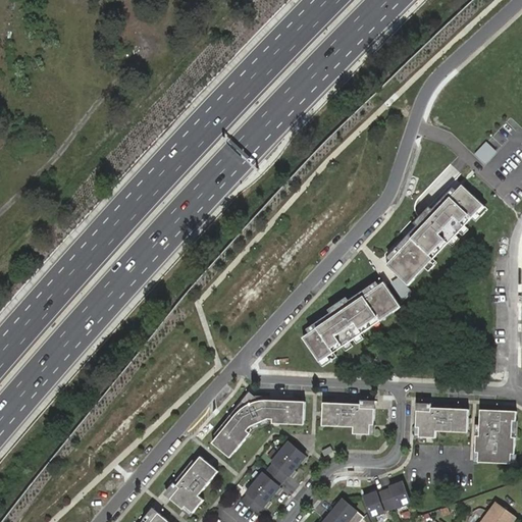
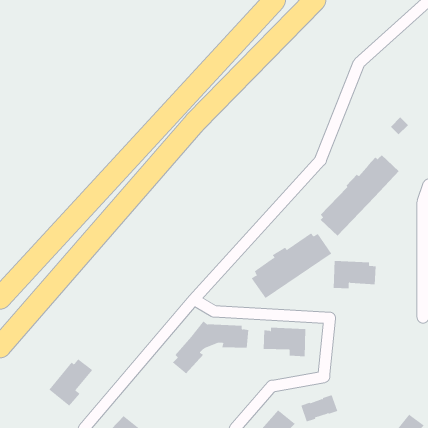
building: [414,403,467,437] -> [333,260,376,289]
building: [473,410,515,464] -> none
building: [242,438,304,508] -> none
building: [162,455,216,513] -> [49,359,93,406]

